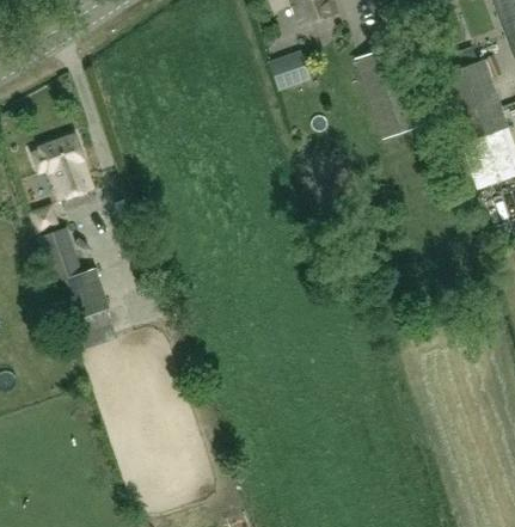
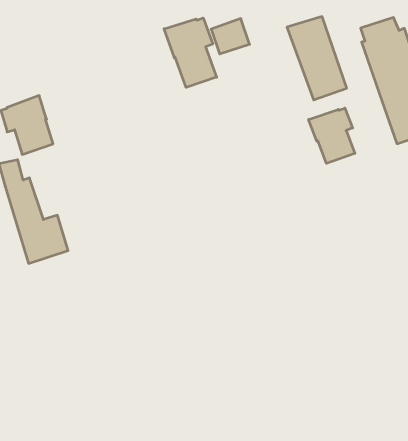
building: none -> [164,18,217,87]
building: none -> [309,108,355,163]

